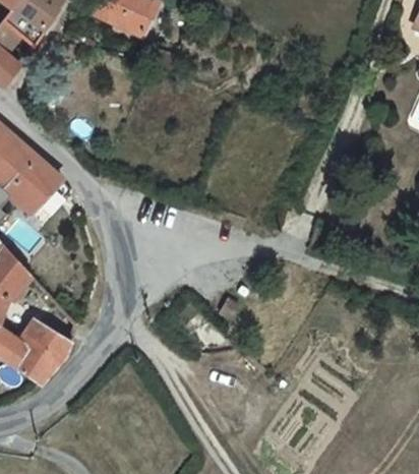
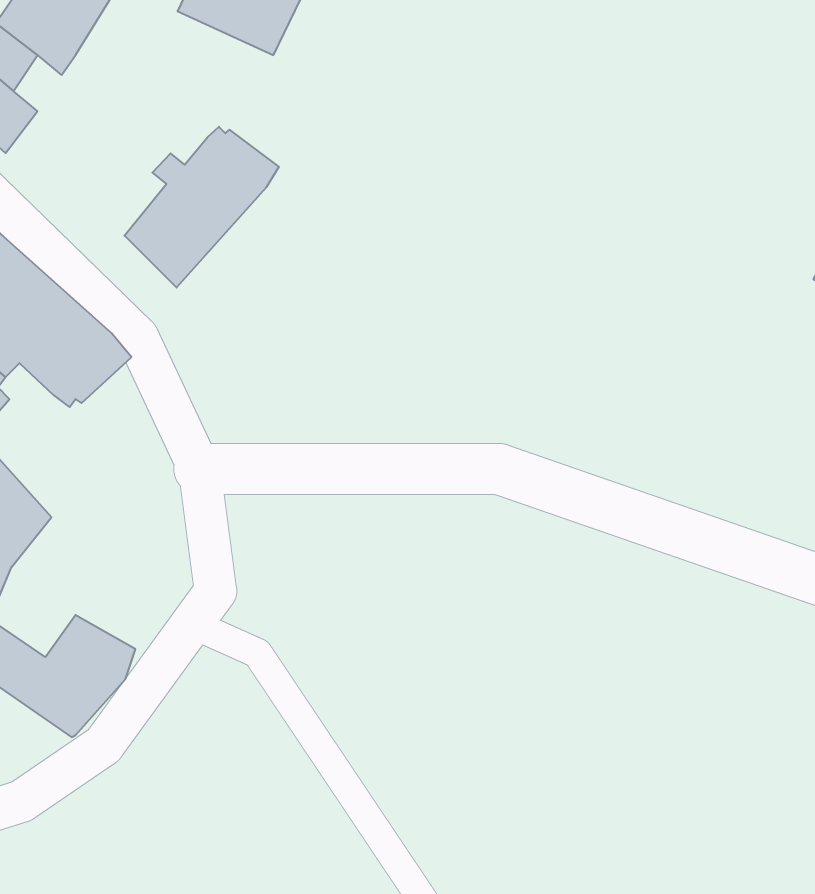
building: none -> [124,127,279,288]

